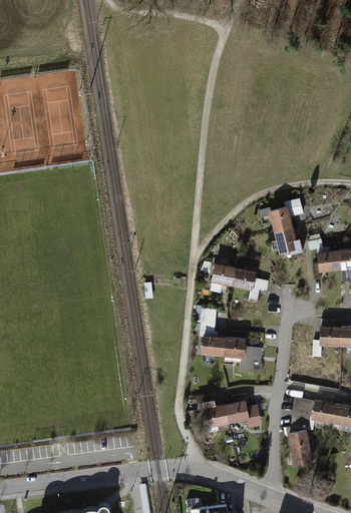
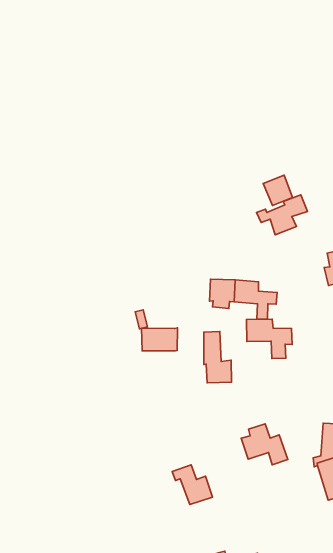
building: [273,226,297,251] -> [263,175,293,206]
building: none -> [141,328,178,351]
building: [221,336,261,373] -> [247,319,292,358]
building: [196,393,228,427] -> [172,465,212,504]

